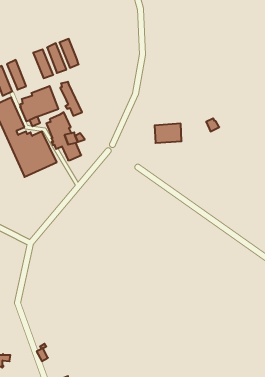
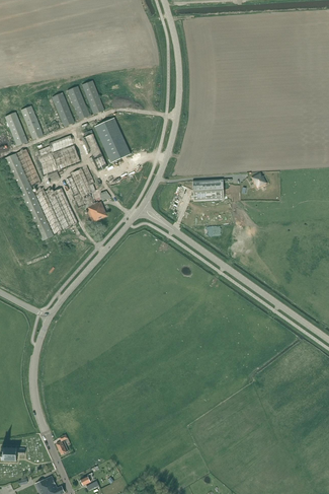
building: none -> [95,118,131,163]

